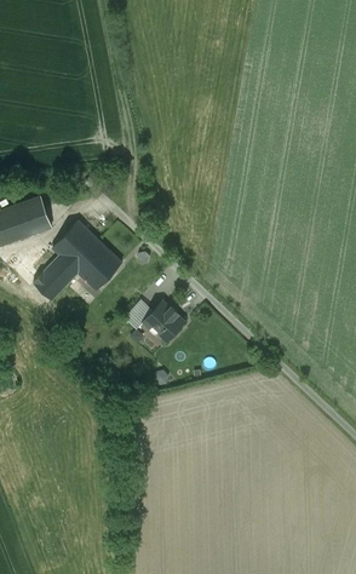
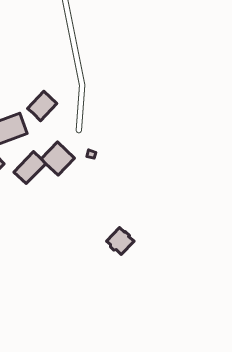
building: [52,220,96,264] -> [27,91,57,121]
building: [143,300,184,340] -> [106,227,134,254]

